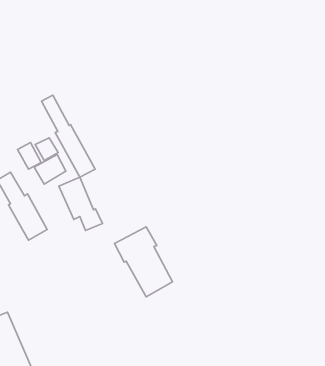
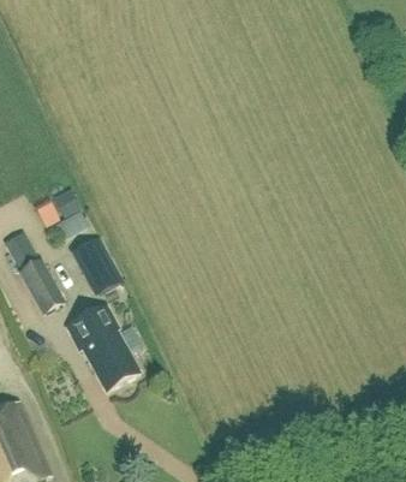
building: [42,95,95,177] -> none
building: [114,227,173,297] -> [66,302,137,387]

